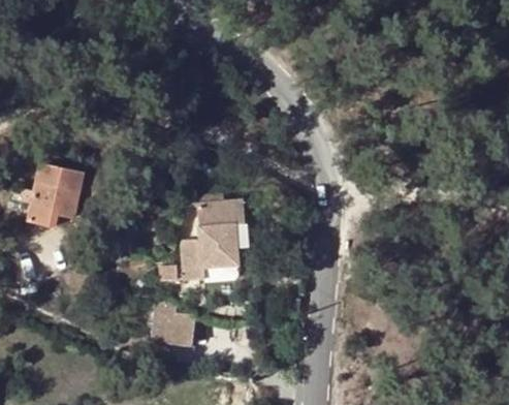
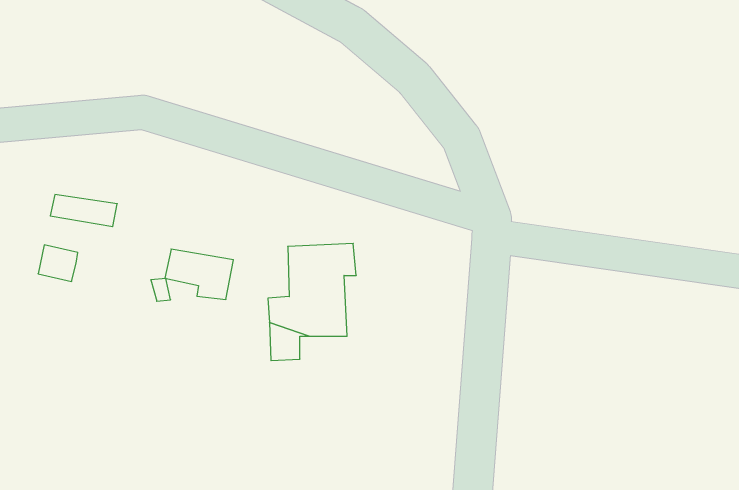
building: [32,183,78,217] -> [165,249,233,299]
building: [153,311,191,342] -> none

